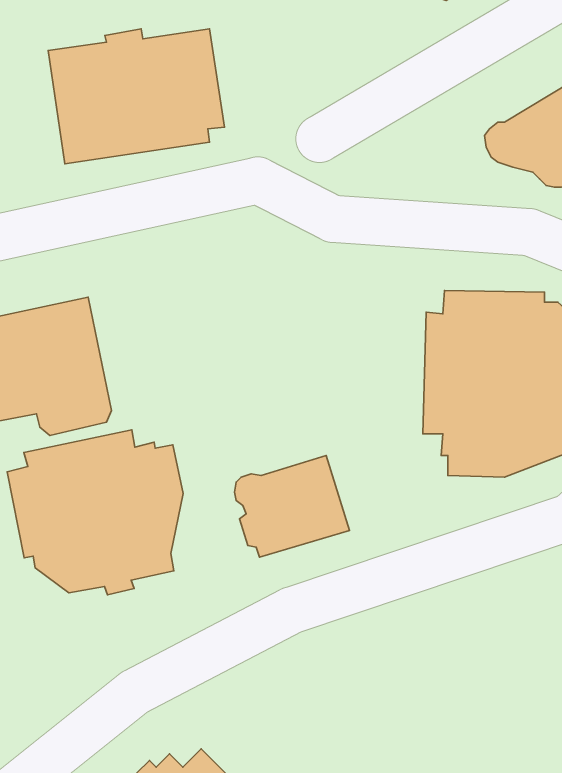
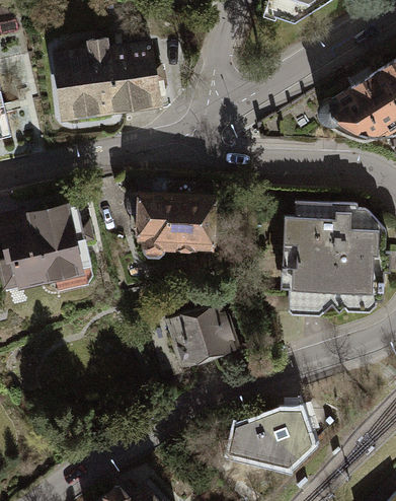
building: none -> [128,182,214,257]
building: [7,430,183,595] -> none
building: none -> [229,409,310,467]

